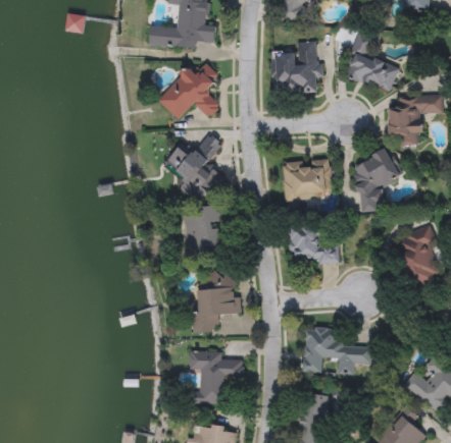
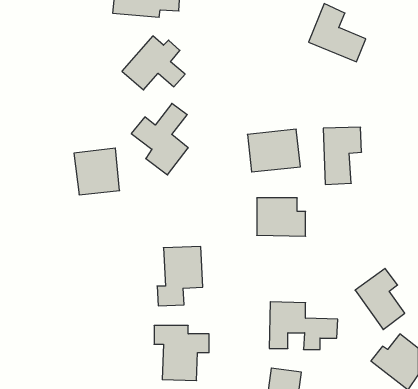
building: [271,41,318,93] -> none
building: [389,96,442,144] -> none
building: [186,205,231,251] -> [74,148,120,195]
building: [395,224,444,284] -> [355,268,405,330]

